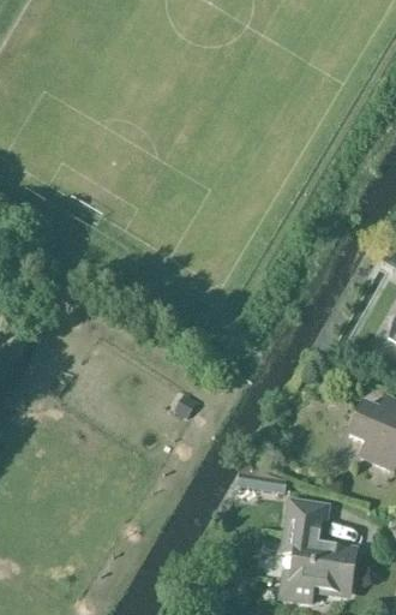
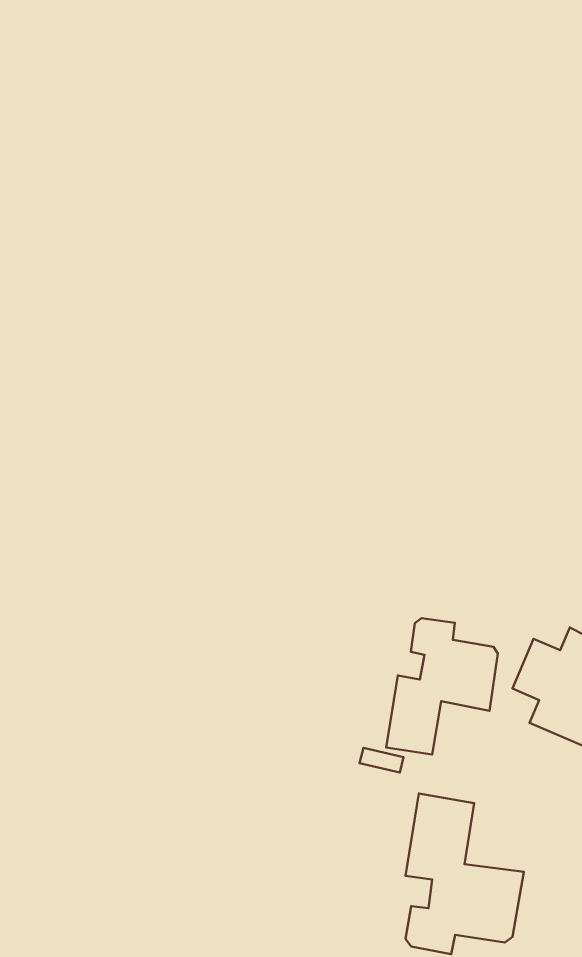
building: none -> [386,618,498,755]

